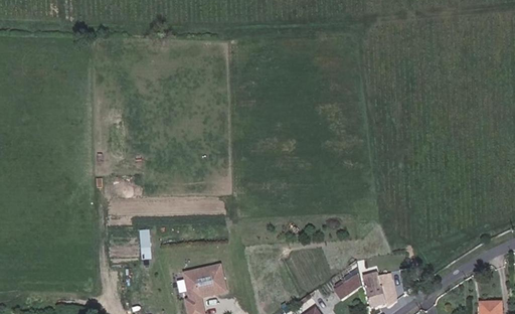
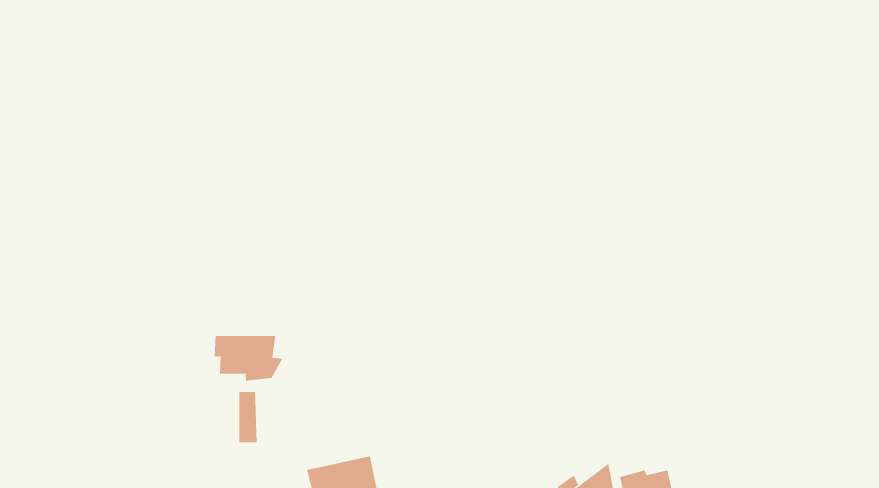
building: none -> [214,335,283,382]

